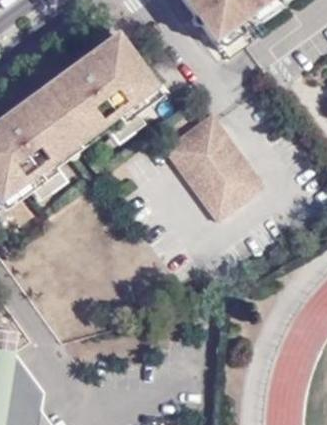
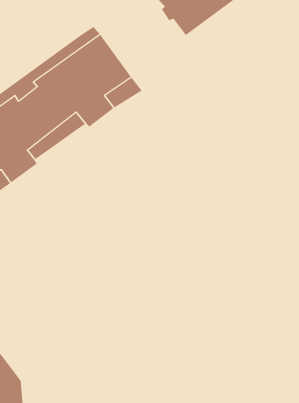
building: [163,114,264,221] -> none

